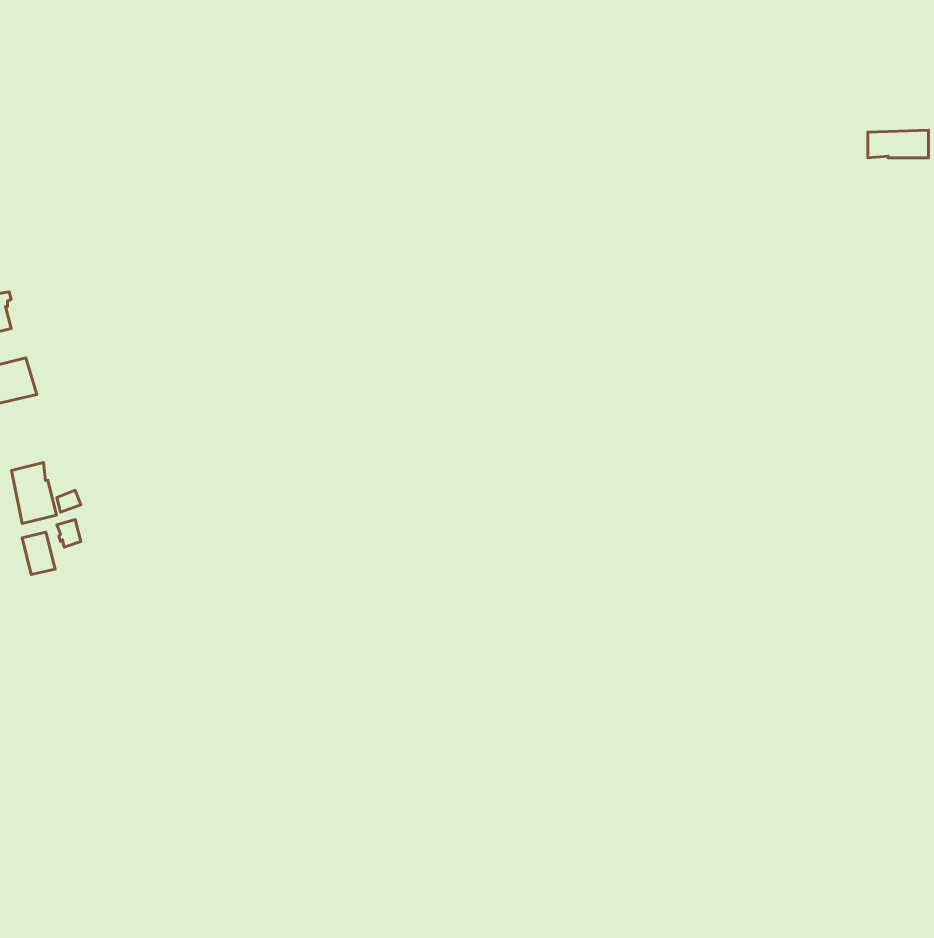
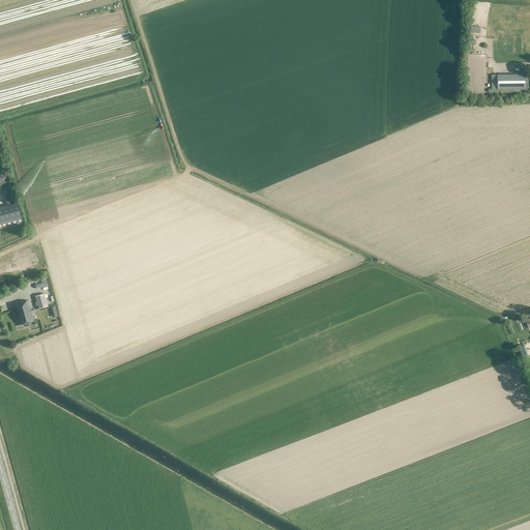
building: [11,463,57,524] -> none

